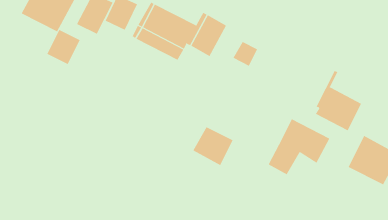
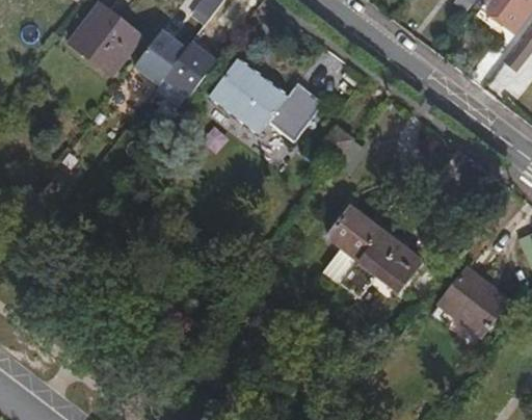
building: [47,29,80,65] -> none
building: [315,70,362,131] -> none
building: [193,127,233,166] -> [331,210,384,262]

